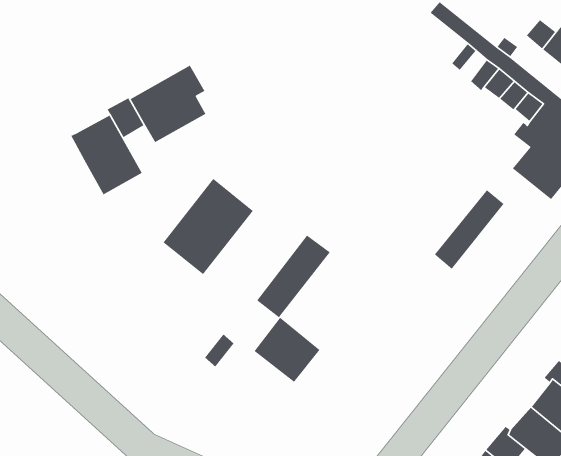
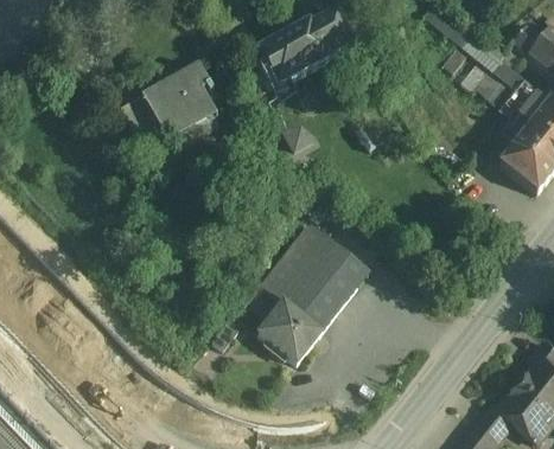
building: none -> [259,11,349,84]
building: [70,115,143,196] -> none
building: [163,178,254,275] -> [284,239,369,331]
building: [434,189,505,270] -> none

